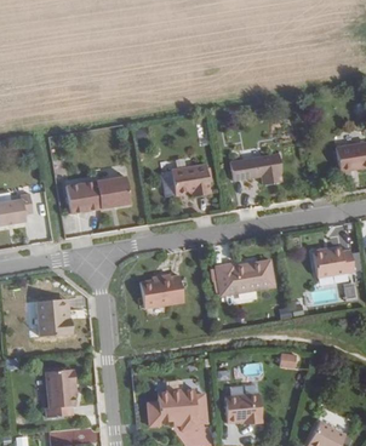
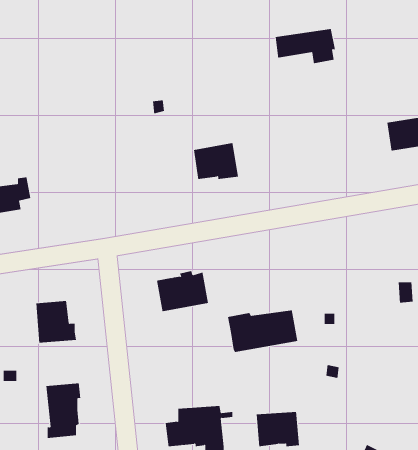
building: [230,154,282,184] -> [275,28,336,64]
building: [65,175,130,213] -> none
building: [313,248,354,276] -> none
building: [215,259,275,296] -> [227,310,298,352]

